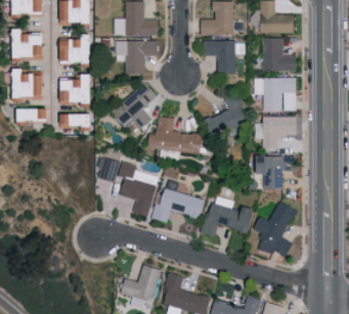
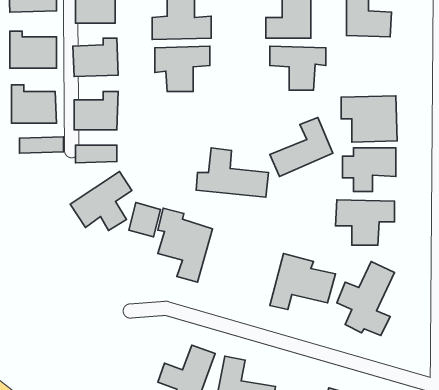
building: [264,38,298,72] -> none
building: [112,85,158,129] -> [70,171,132,230]
building: [157,179,206,223] -> none

